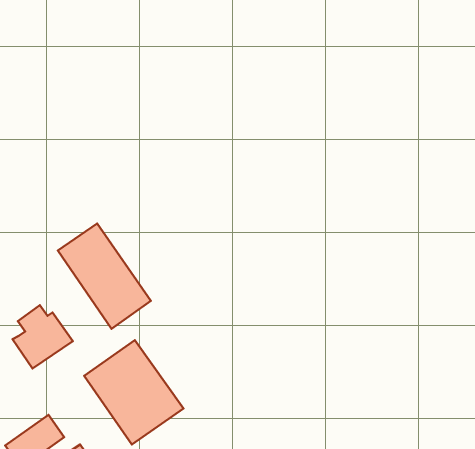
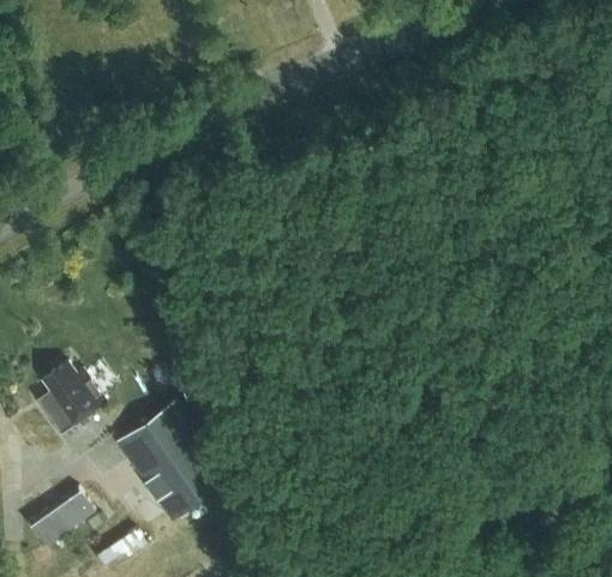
building: [58,224,151,329] -> none

